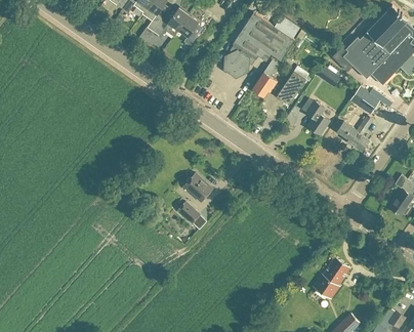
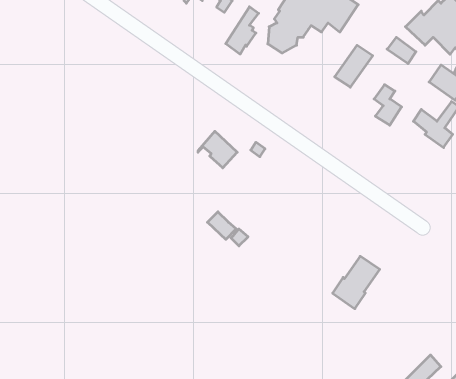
building: [253,59,279,96] -> [226,7,259,54]
building: [181,172,212,201] -> [198,131,237,168]
building: [314,257,350,298] -> [333,256,380,309]

